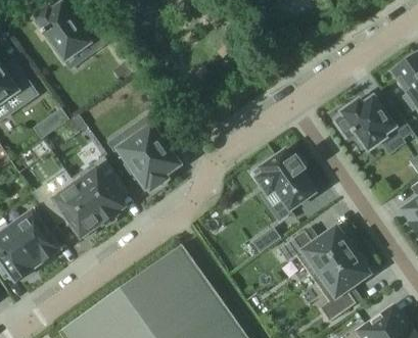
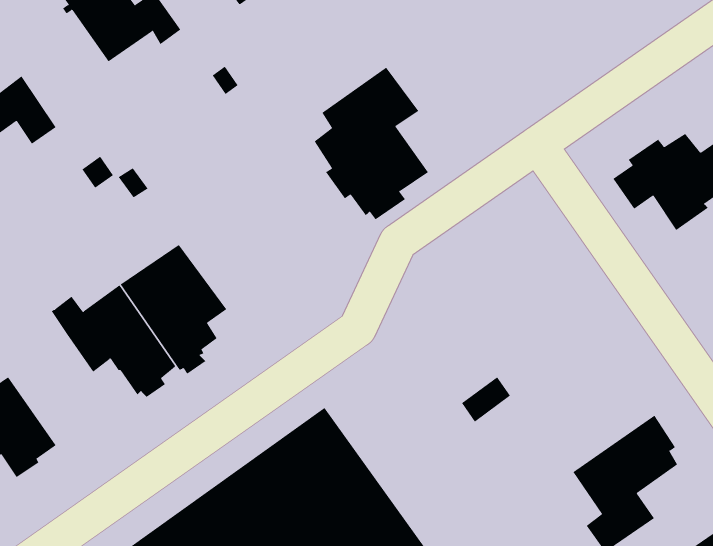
building: [118,109,179,191] -> [314,67,429,220]
building: [251,152,315,212] -> none
building: [11,205,58,264] -> none
building: [277,228,356,279] -> none

